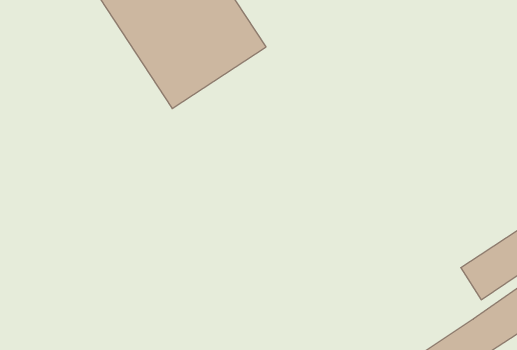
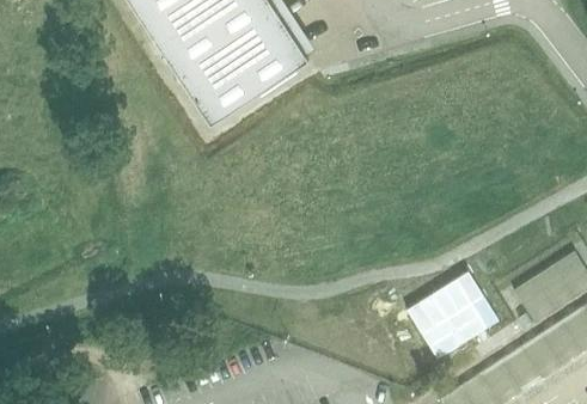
building: none -> [408,271,499,359]

